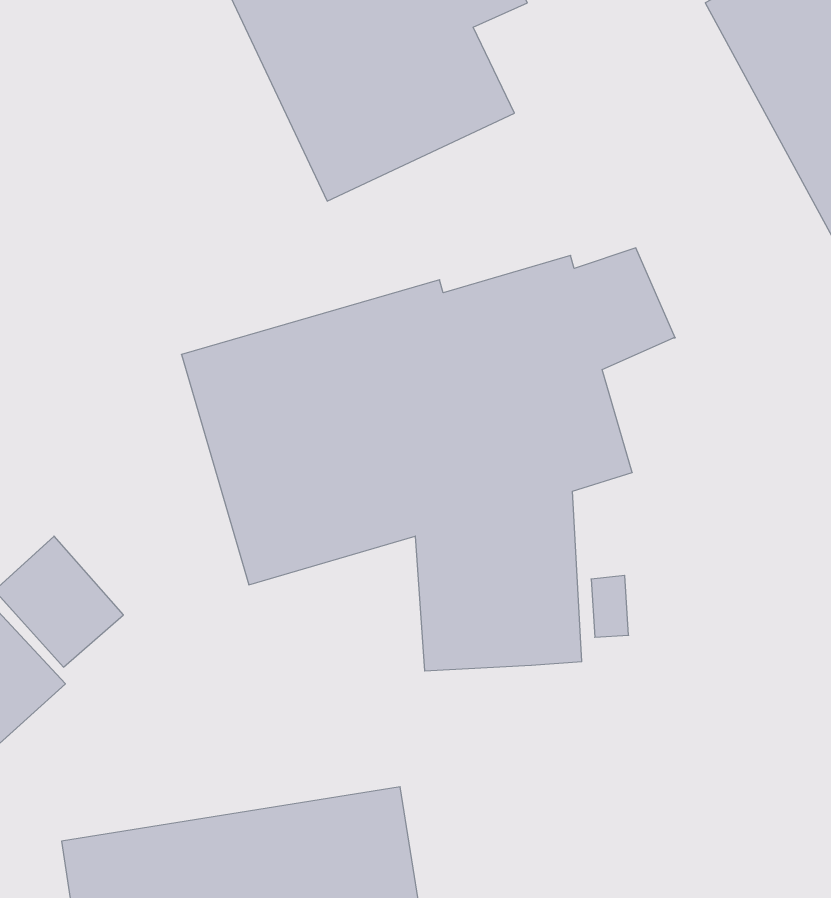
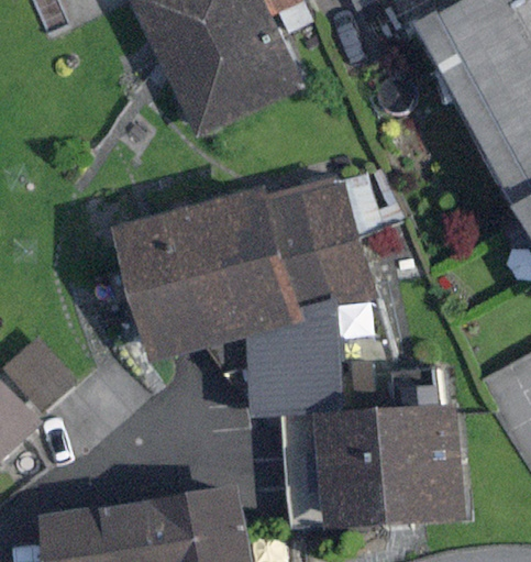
building: none -> [299,388,465,531]

